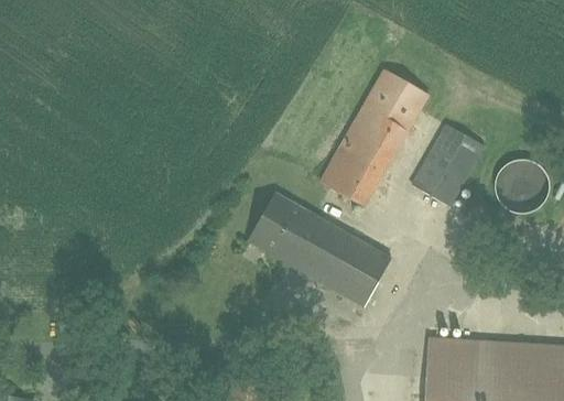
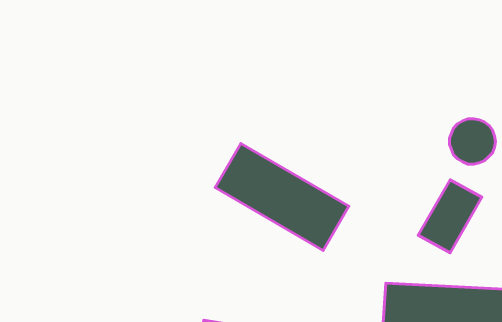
building: [324,69,425,203] -> none
building: [415,127,484,205] -> [418,180,482,253]

